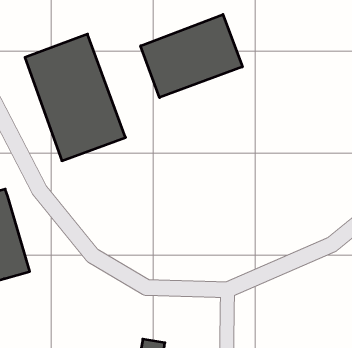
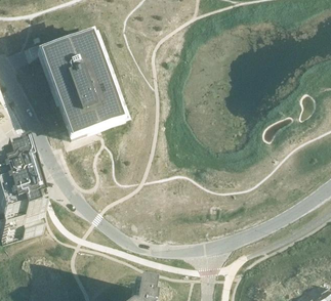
building: [141,14,242,98] -> none

